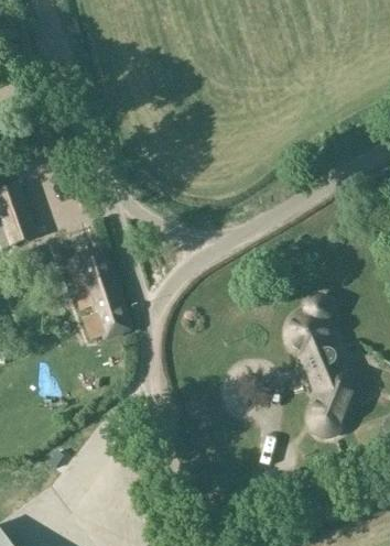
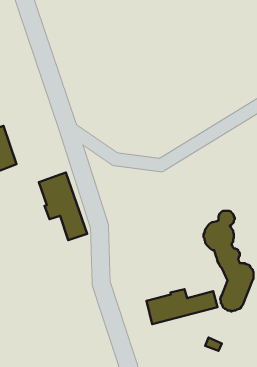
building: none -> [146,289,217,324]

